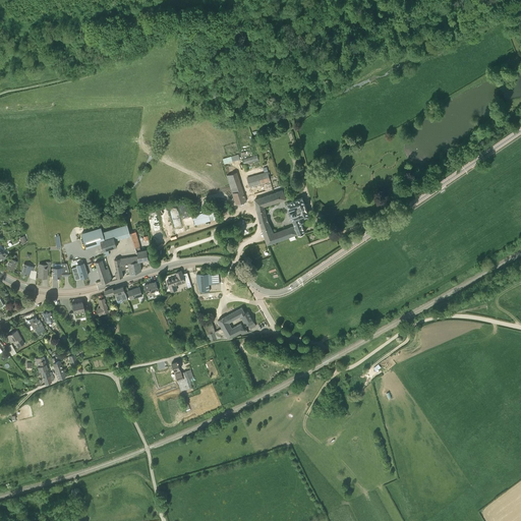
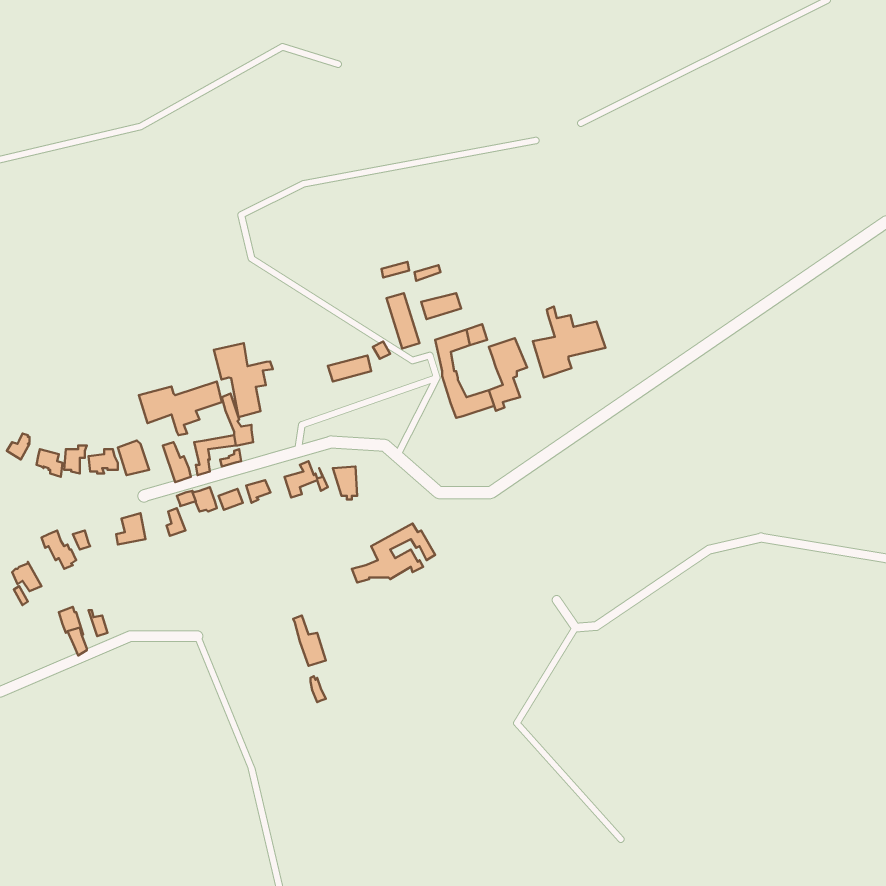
building: none -> [533,307,605,377]
building: none -> [214,343,273,417]

